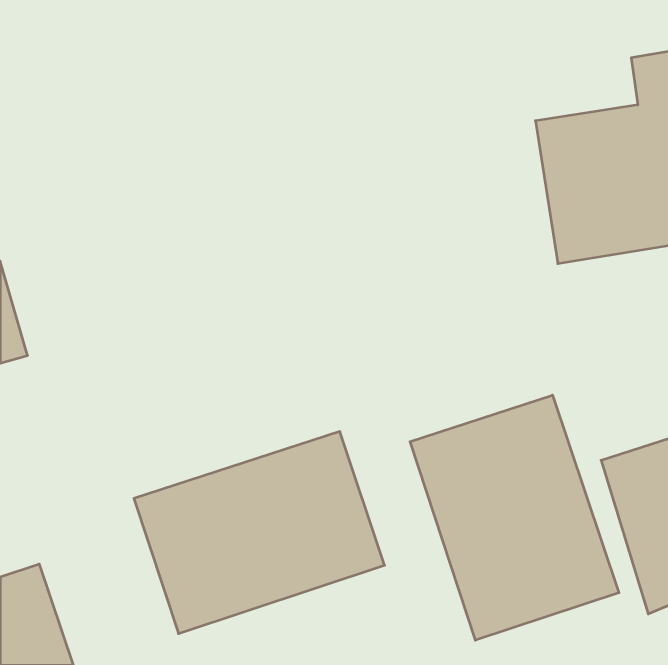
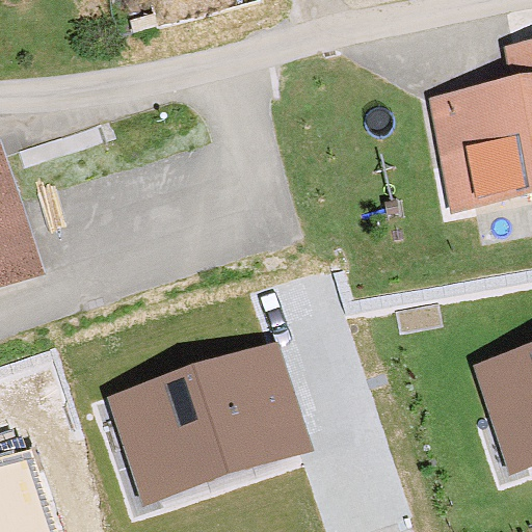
building: [410,395,619,640] -> none

